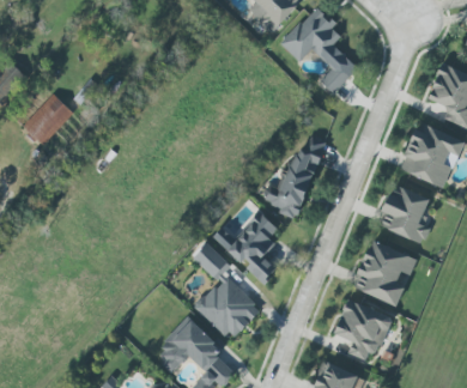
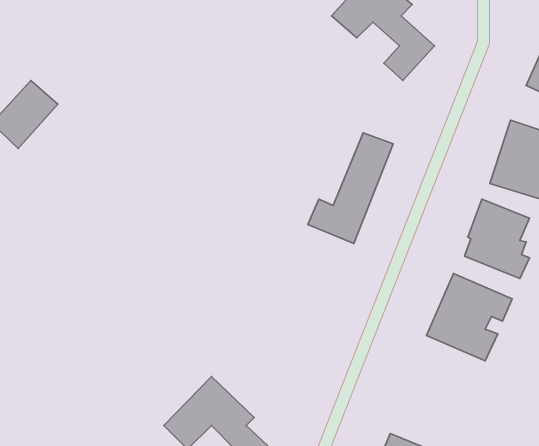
building: [213,211,278,283] -> none
building: [193,242,261,340] -> none
building: [334,299,393,359] -> none

